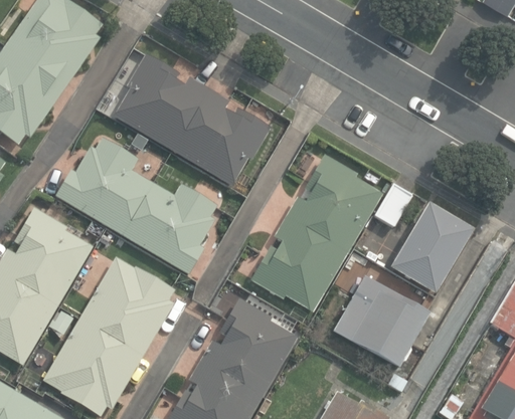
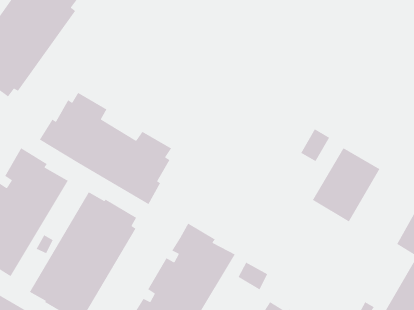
building: [115,53,273,186] -> none
building: [248,154,381,310] -> none
building: [332,277,428,370] -> none

